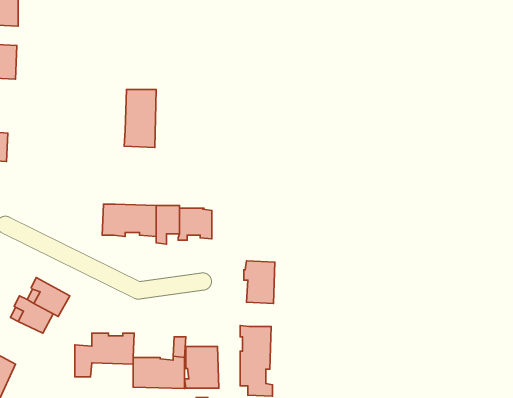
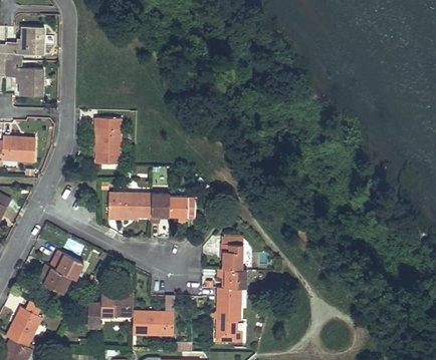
building: [124,89,156,147] -> [94,118,120,163]
building: none -> [217,269,246,288]
building: [185,347,219,388] -> none

